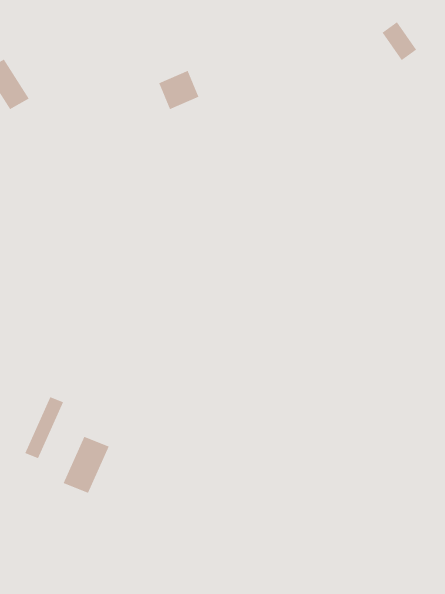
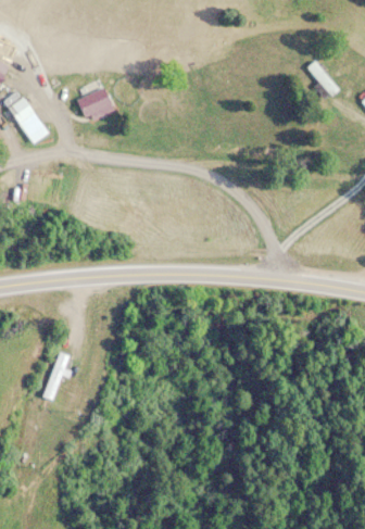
building: [158,70,200,110] -> [81,88,113,118]
building: [62,436,110,494] -> none

